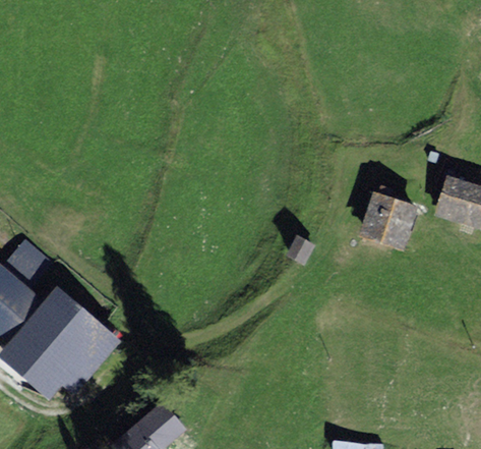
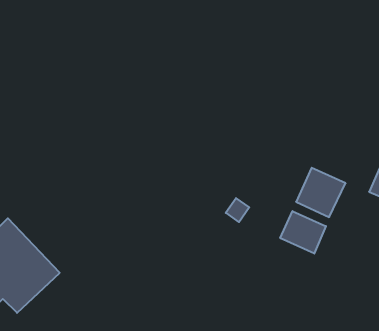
building: none -> [280,211,326,254]

